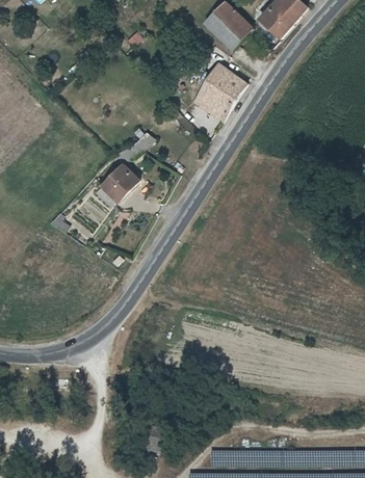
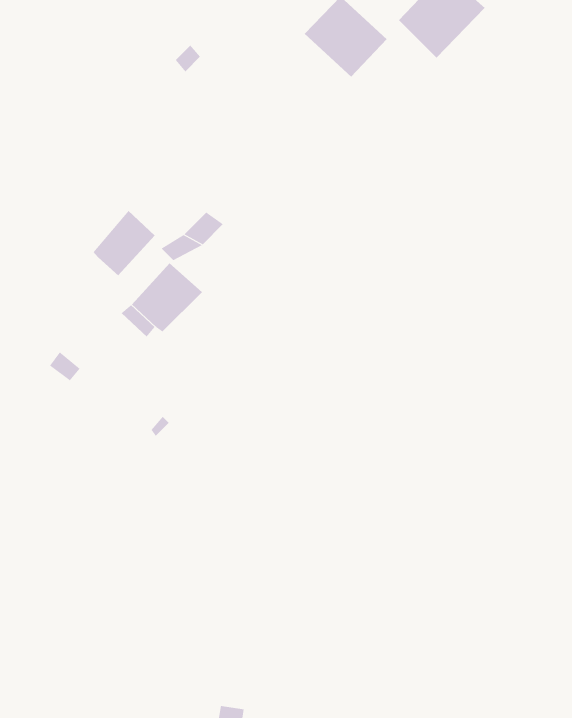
building: [192,63,247,122] -> none
building: none -> [93,210,155,276]

